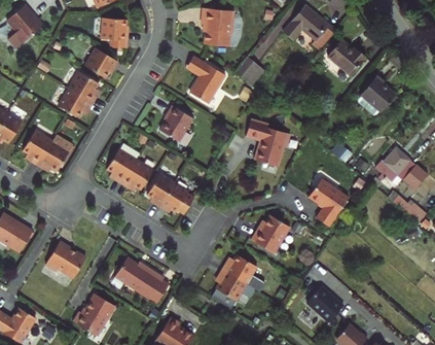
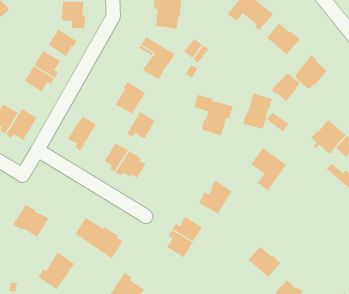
building: none -> [270,73,299,102]
building: none -> [242,93,273,129]
building: [121,159,153,189] -> [126,111,155,139]

